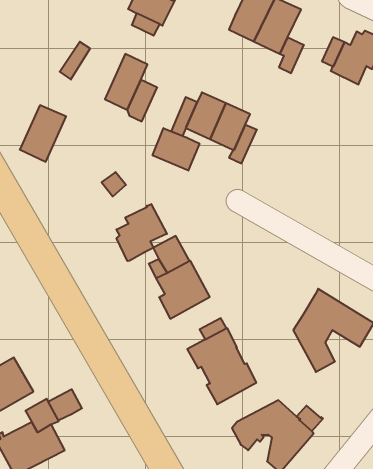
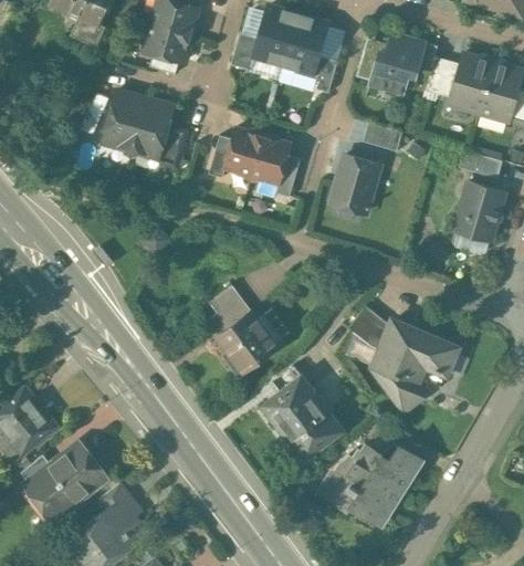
building: none -> [231,33,259,71]
building: [20,105,66,162] -> [103,92,147,151]
building: none -> [363,123,402,151]
building: [153,128,199,171] -> none
building: none -> [331,155,379,213]
building: [116,204,167,261] -> none
building: none -> [348,306,390,350]
building: [48,389,82,421] -> none

